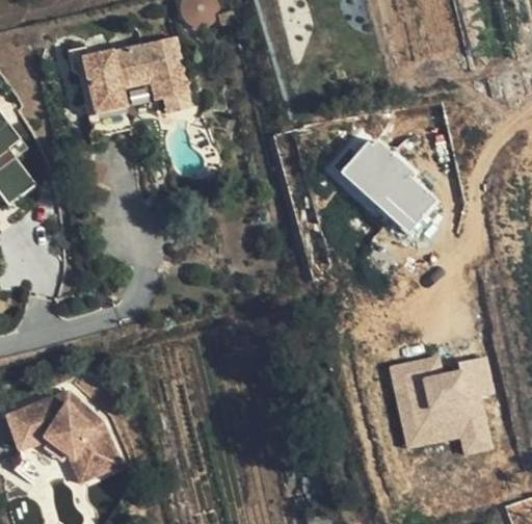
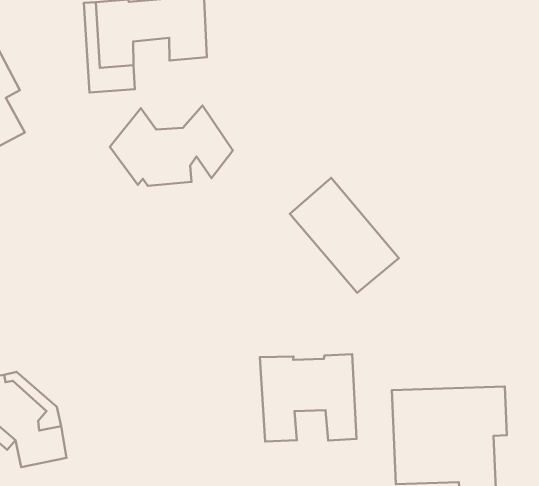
building: [339,137,440,235] -> [290,178,399,293]
building: none -> [110,106,233,186]
building: none -> [260,354,357,441]

